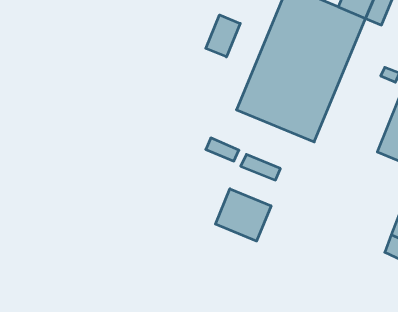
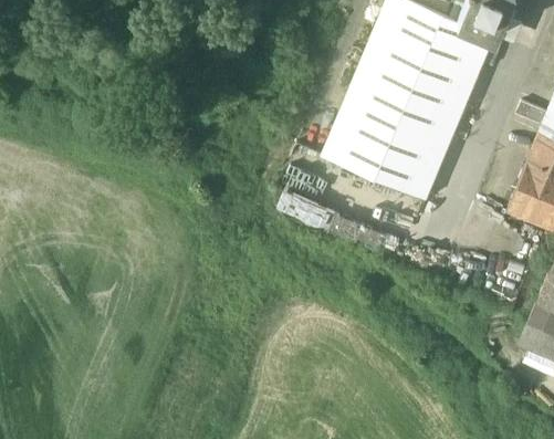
building: [206,15,240,57] -> none
building: [215,189,271,241] -> none

